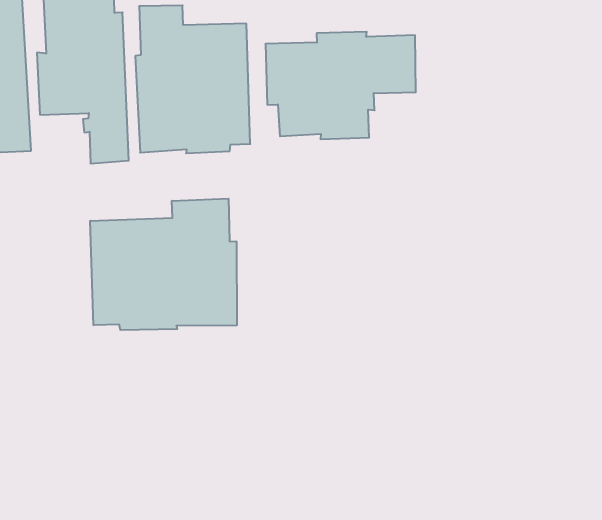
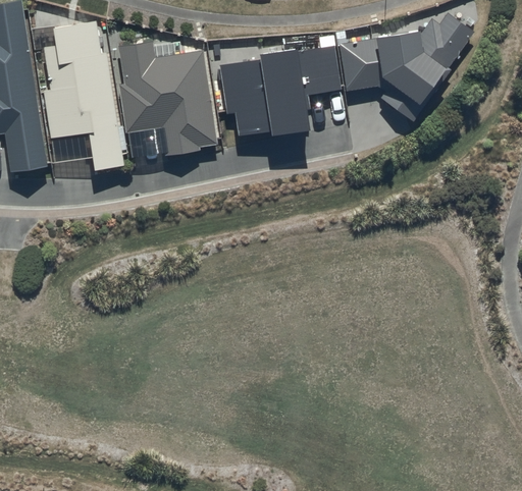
building: none -> [342,11,475,121]
building: [90,199,237,330] -> none

